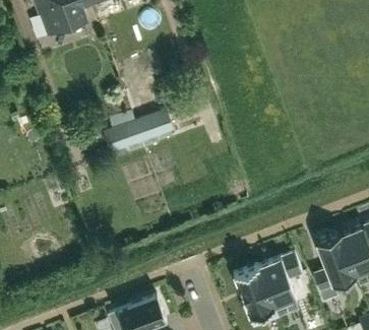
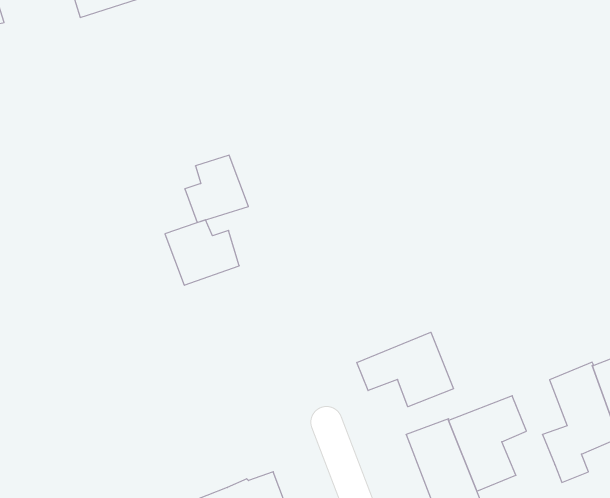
building: [132,106,175,143] -> [165,220,239,285]
building: none -> [357,332,453,407]

